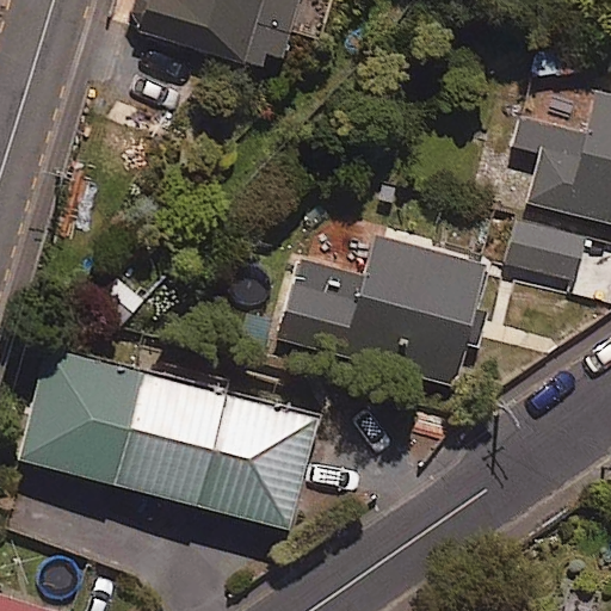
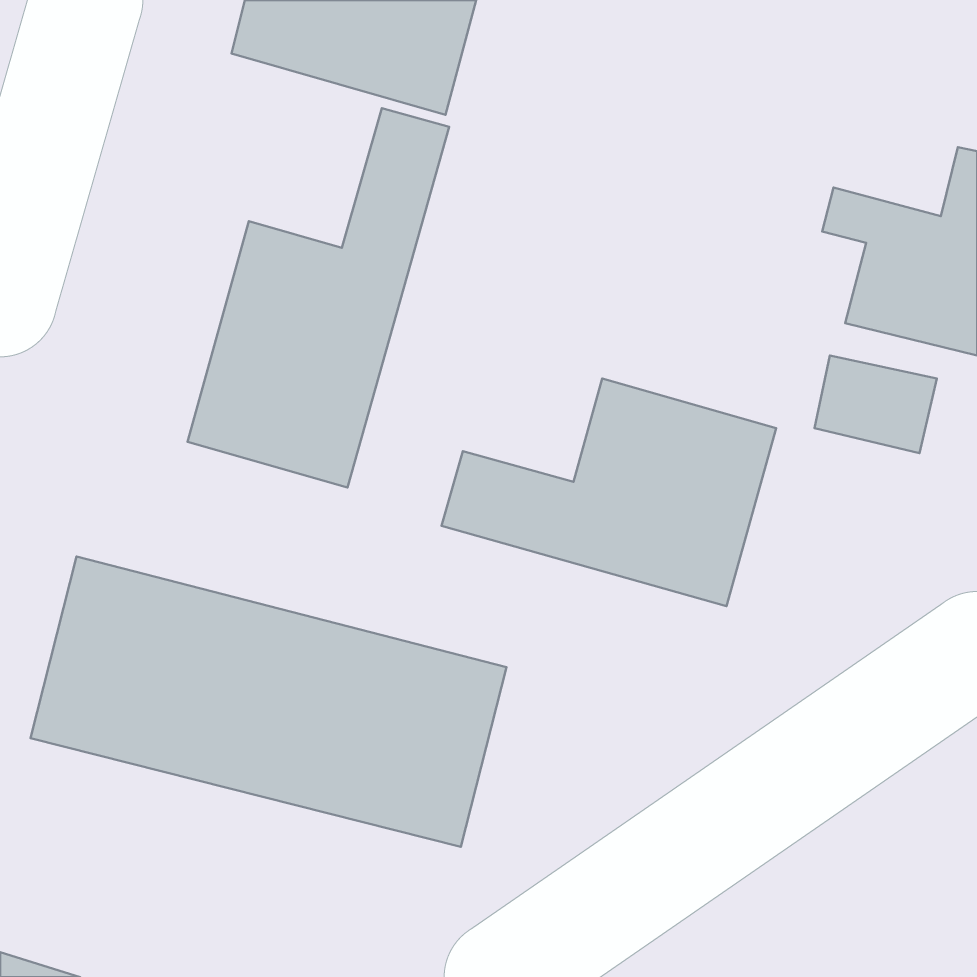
building: none -> [187,108,449,487]

